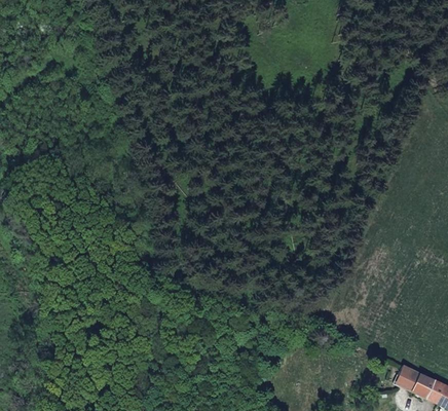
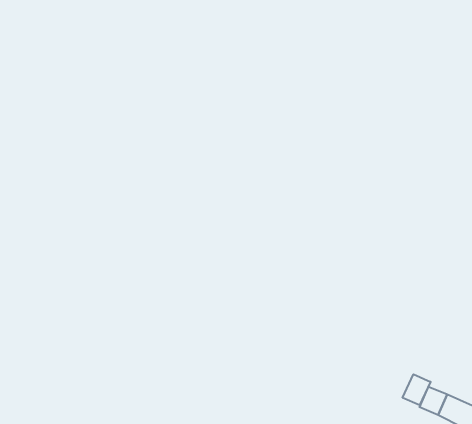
building: none -> [403,374,431,405]

